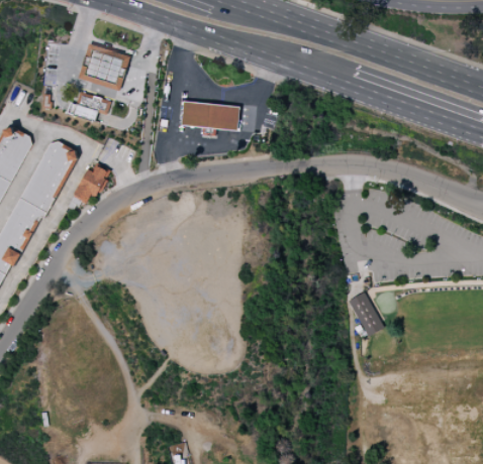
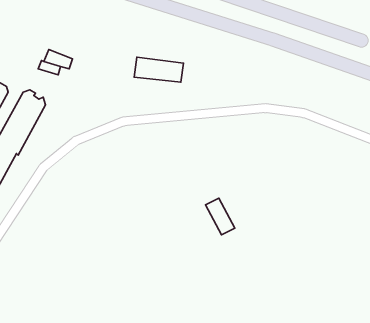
building: [79,46,128,90] -> none
building: [71,162,110,204] -> none
building: [348,292,383,336] -> [206,198,235,235]

